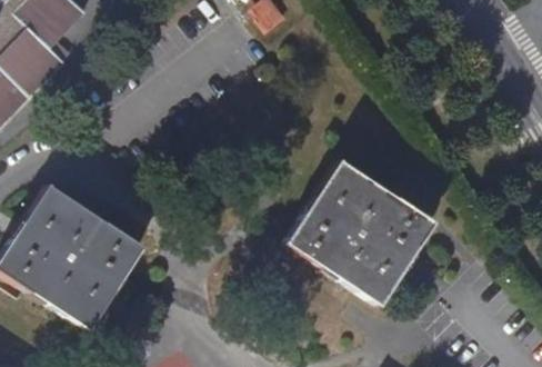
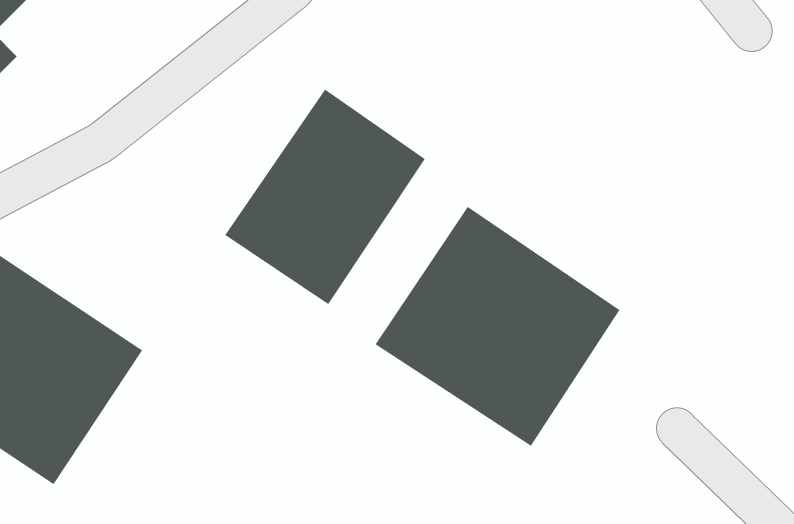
building: none -> [224,89,426,305]

